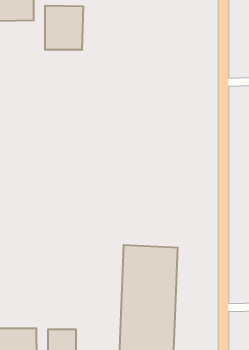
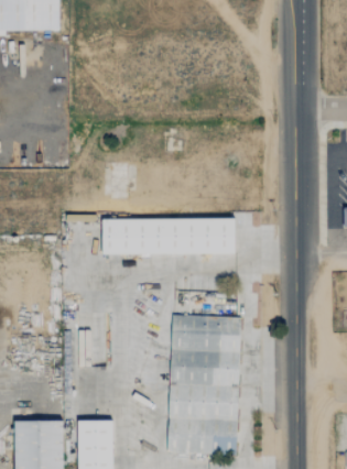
building: [45,6,83,50] -> none
building: none -> [101,218,236,254]

